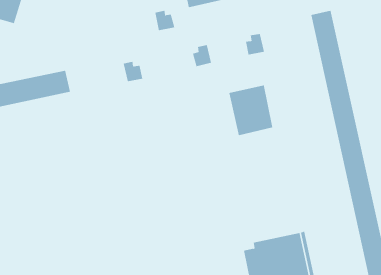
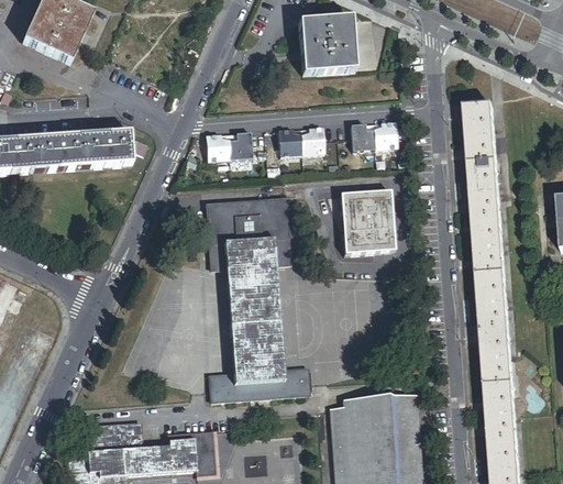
building: [155,10,175,31] -> [277,129,301,155]
building: none -> [350,123,373,151]
building: none -> [228,132,251,160]
building: none -> [206,198,308,402]

